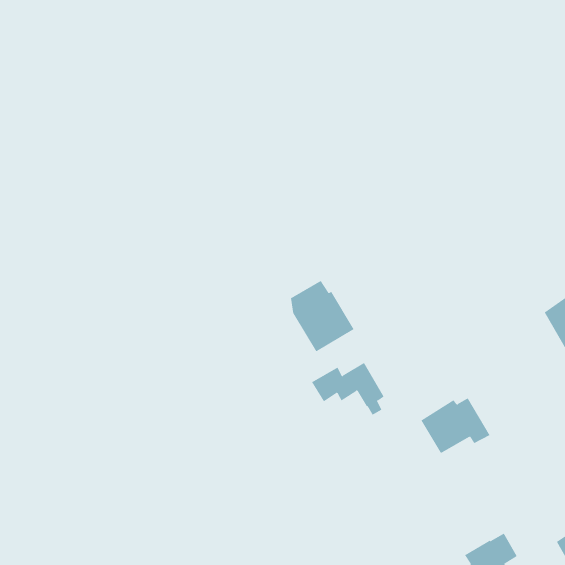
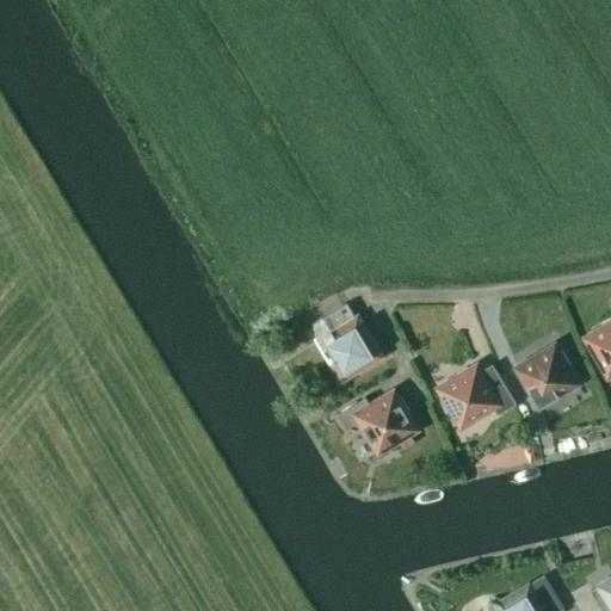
building: none -> [518,345,576,405]
building: [421,397,490,454] -> [440,363,516,424]

